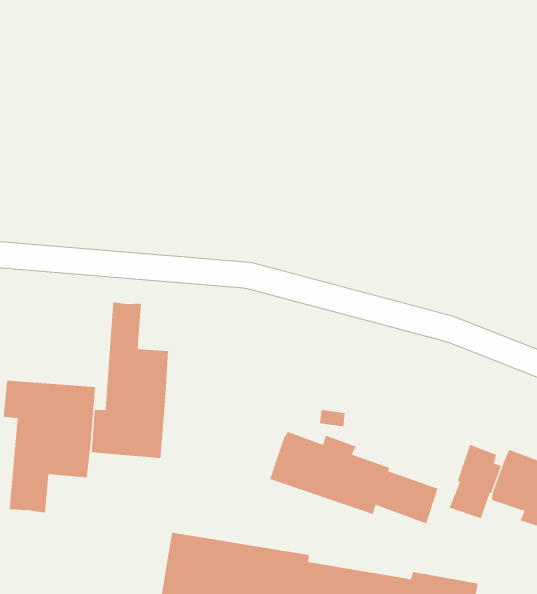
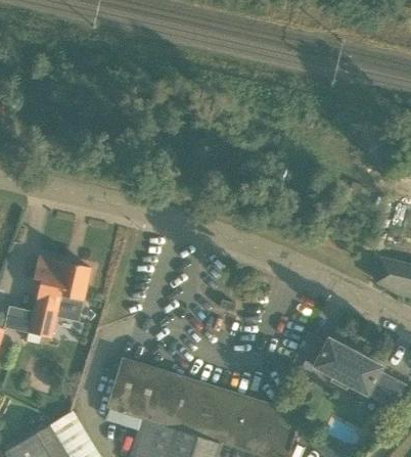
building: [91,301,169,459] -> none
building: [270,431,438,524] -> none

